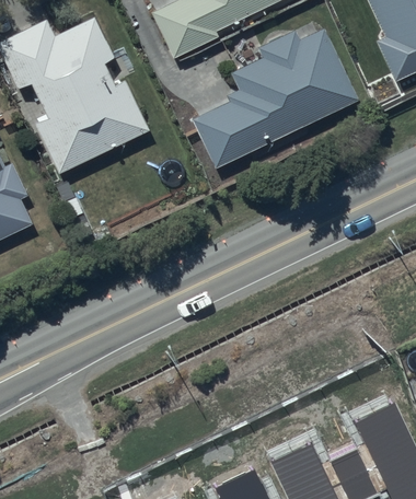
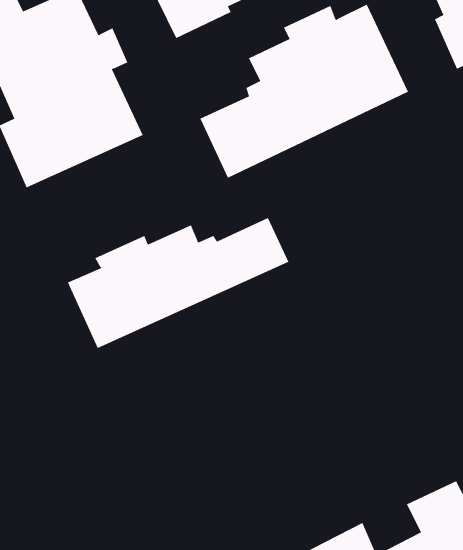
building: none -> [67,217,289,349]

